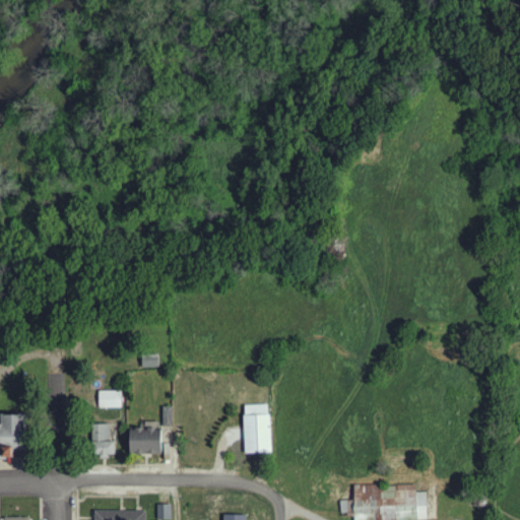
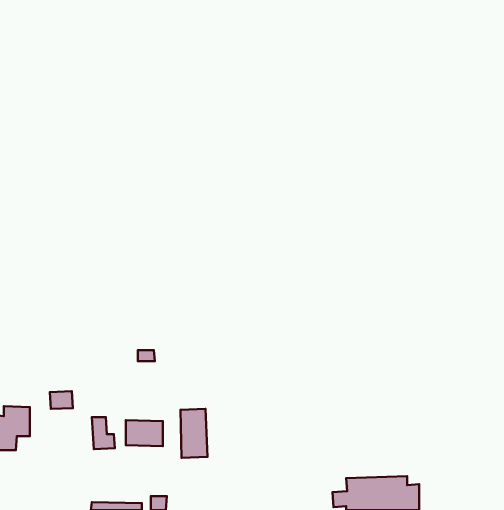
building: [95,391,119,409] -> [50,391,73,409]
building: [244,404,271,454] -> [180,409,207,458]

